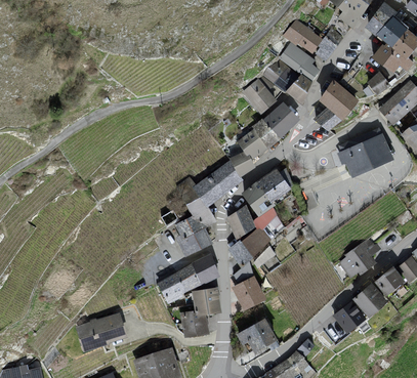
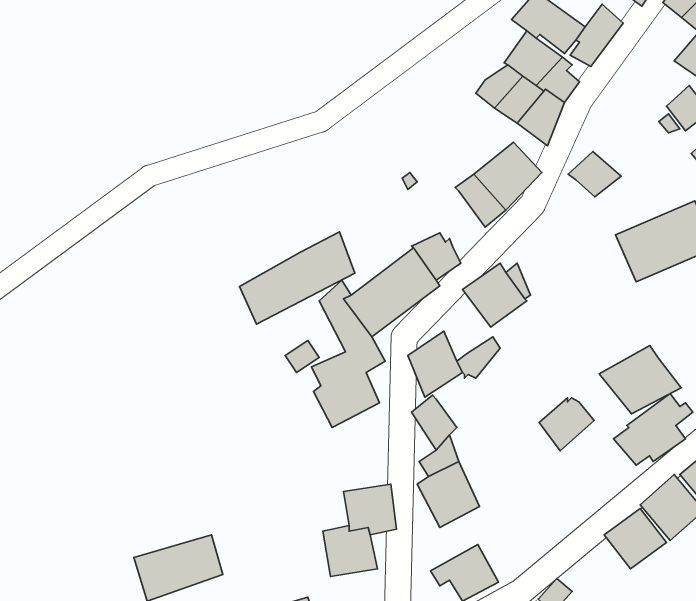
building: [243,78,277,115] -> none
building: [319,80,359,120] -> none
building: [237,128,268,159] -> none
building: [242,181,276,216] -> none
building: none -> [599,346,681,414]
building: [242,227,272,256] -> [539,398,594,451]
building: [157,253,219,303] -> [240,232,355,324]

